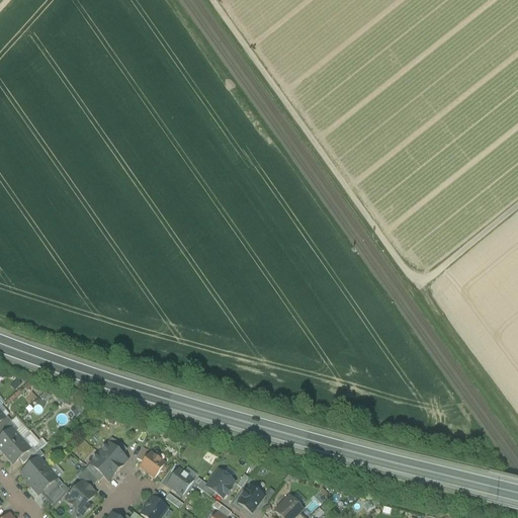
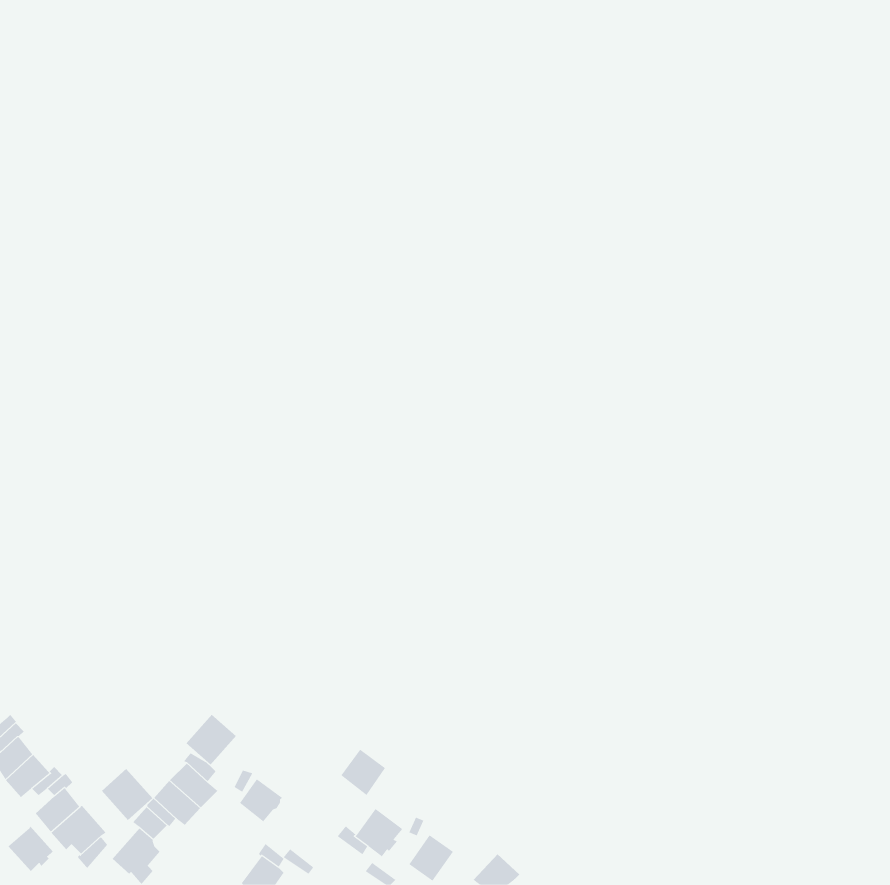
building: none -> [186,714,237,765]
building: none -> [101,768,153,821]
building: [166,467,192,495] -> [341,749,386,796]
building: none -> [8,826,54,872]

